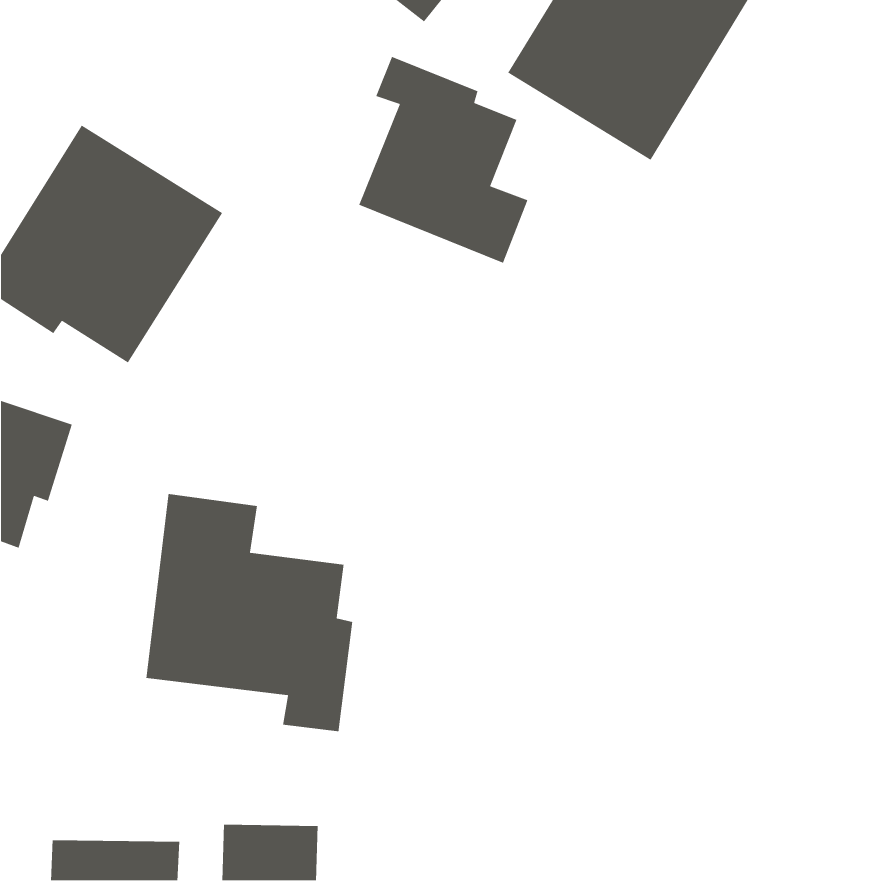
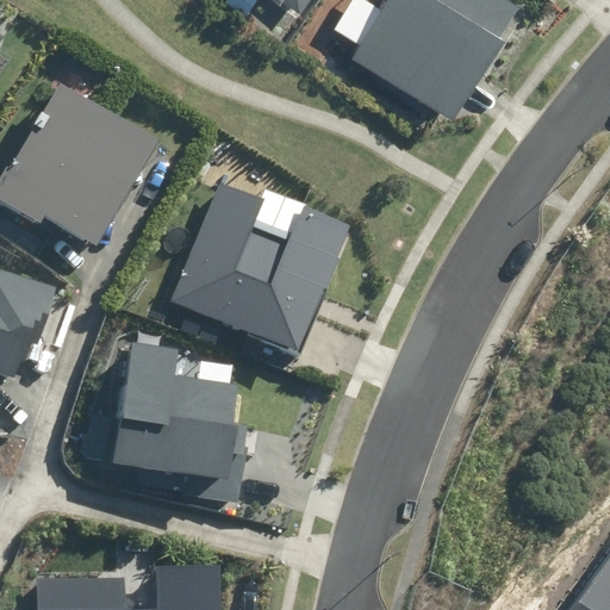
building: [358,56,528,264] -> none
building: none -> [172,181,350,355]

